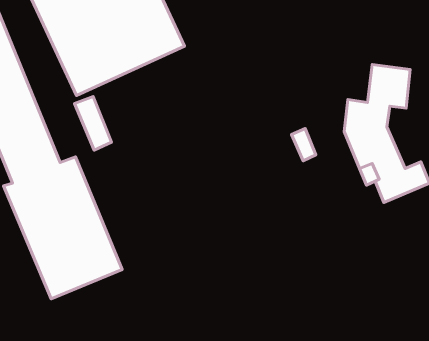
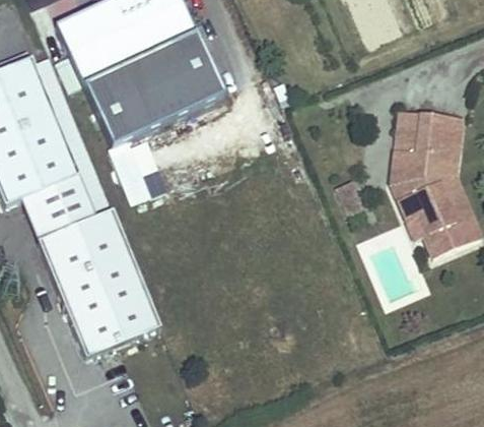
building: none -> [397,109,422,150]
building: none -> [437,155,473,220]

